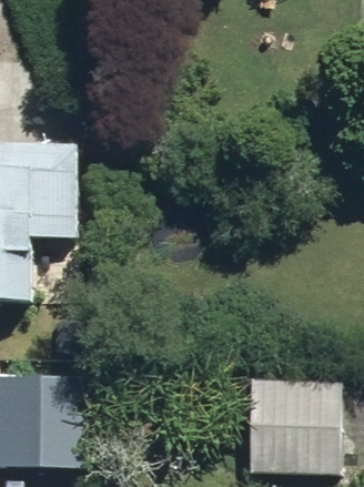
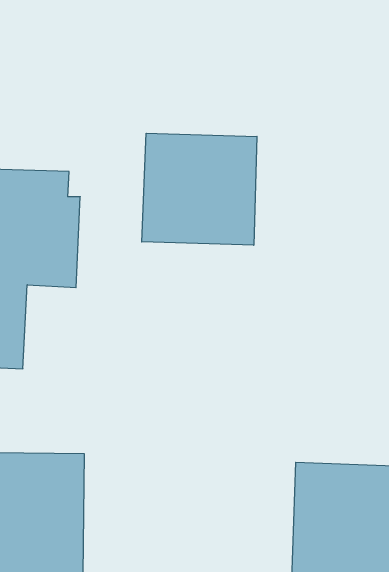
building: none -> [142,133,257,245]

